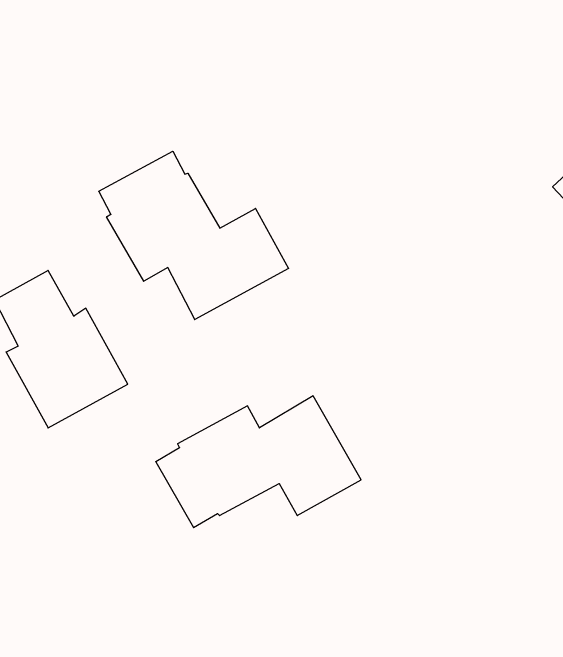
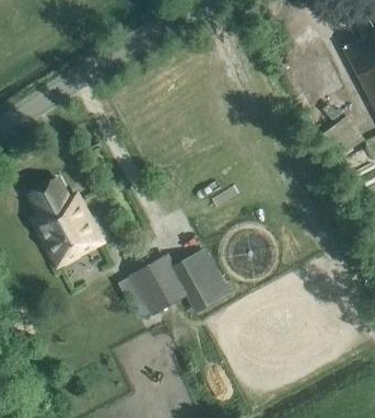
building: [99,151,289,320] -> none

